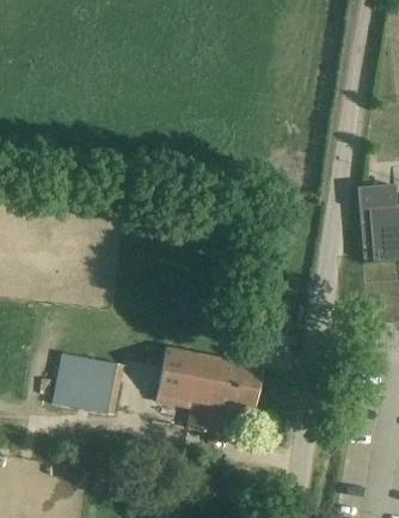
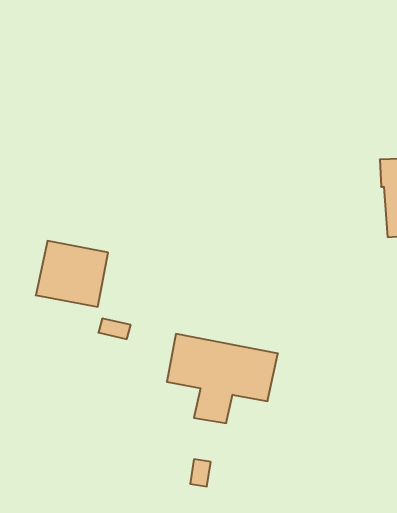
building: [56,353,123,414] -> [36,241,108,307]

